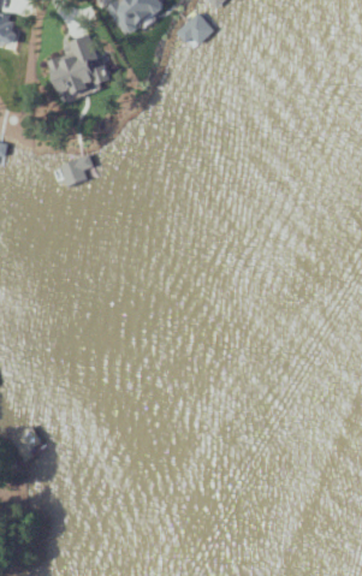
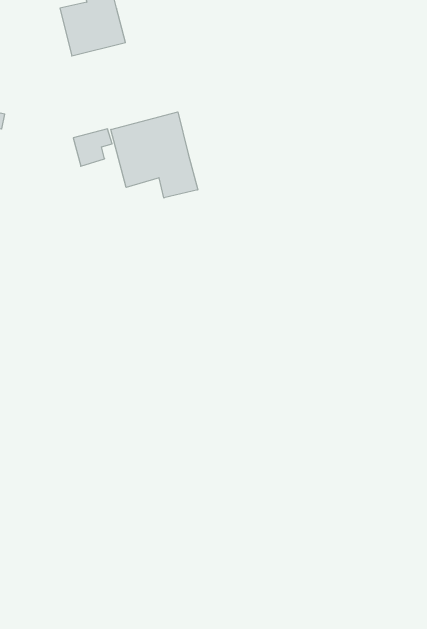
building: none -> [111,112,198,198]

